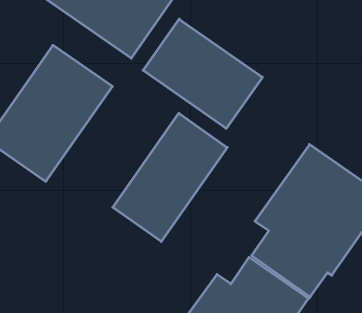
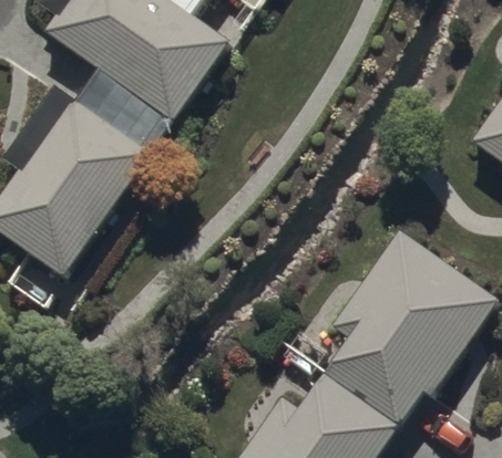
building: [143,19,262,128] -> none
building: [113,113,227,242] -> none

